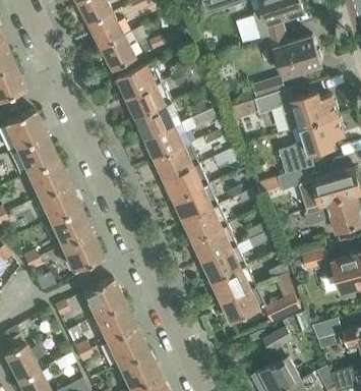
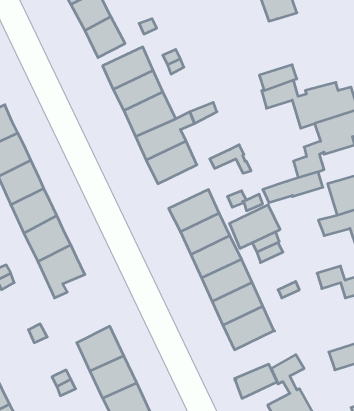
building: [267,32,321,76] -> none
building: [165,163,208,201] -> [229,205,280,248]
building: [82,277,123,317] -> none
building: [264,293,301,323] -> [235,364,277,398]

